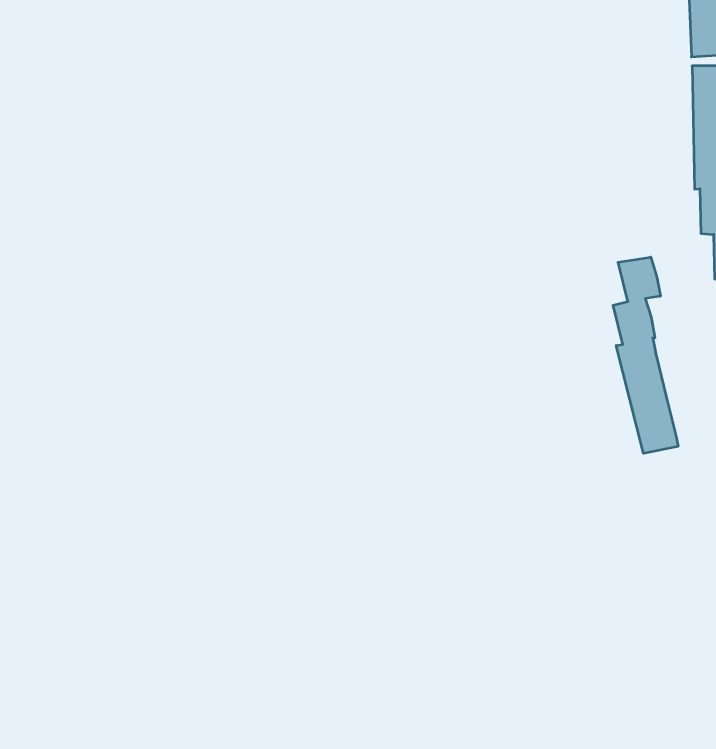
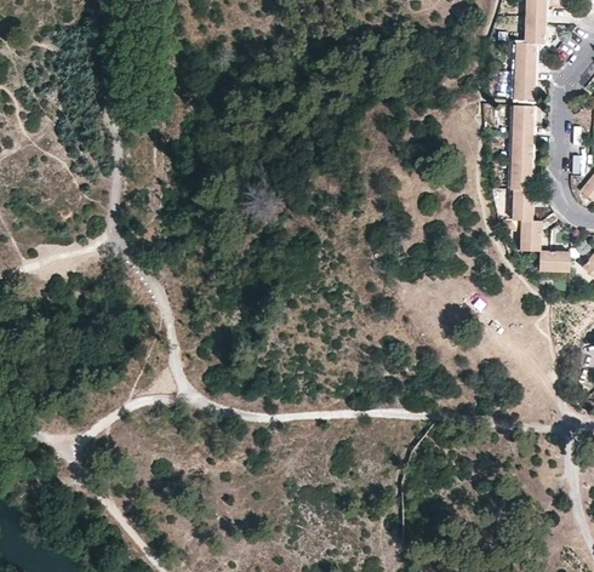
building: [613,257,678,453] -> none

